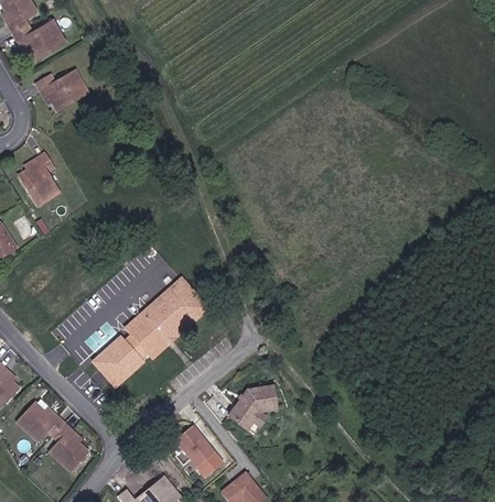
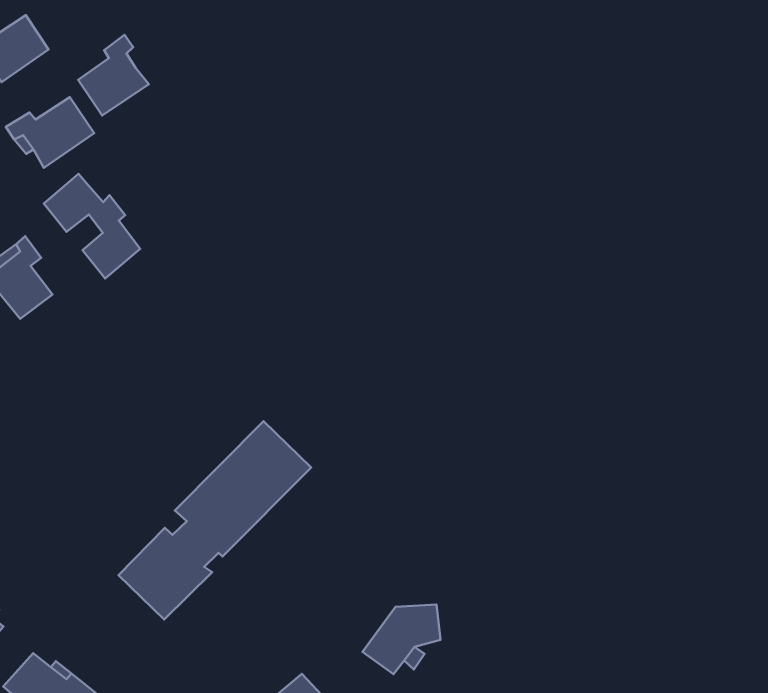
building: none -> [78,35,149,115]
building: none -> [44,174,140,279]

